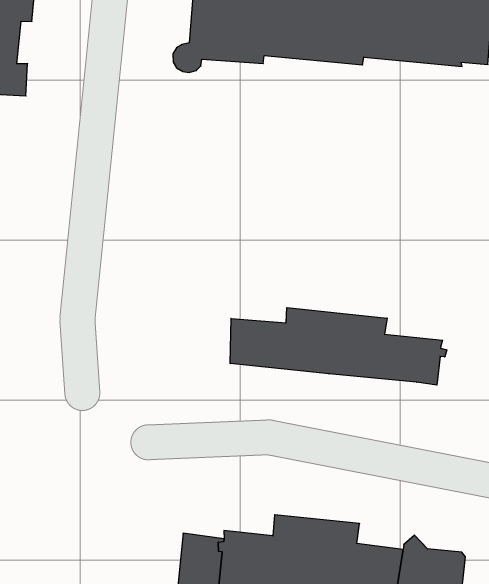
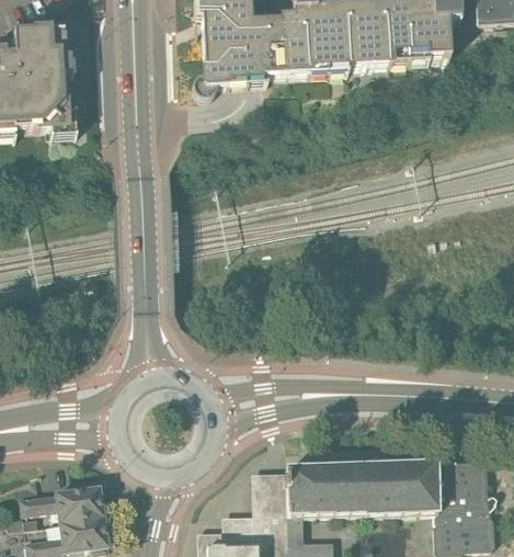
building: [230,308,447,385] -> none

